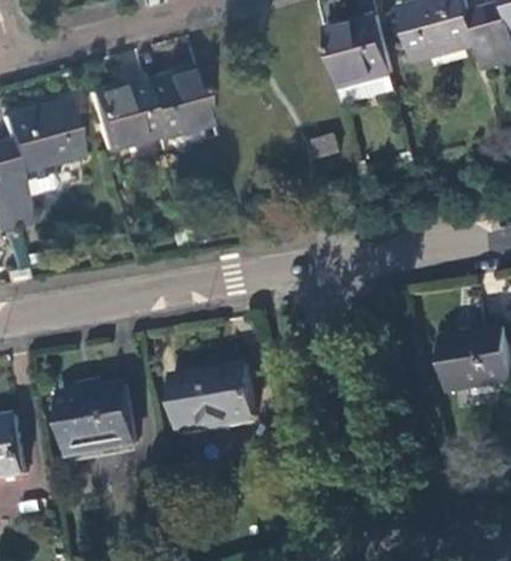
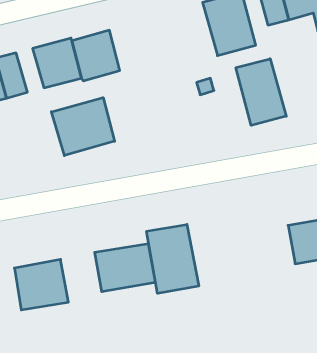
building: none -> [236,59,286,125]
building: none -> [51,98,115,156]
building: none -> [147,224,199,293]

